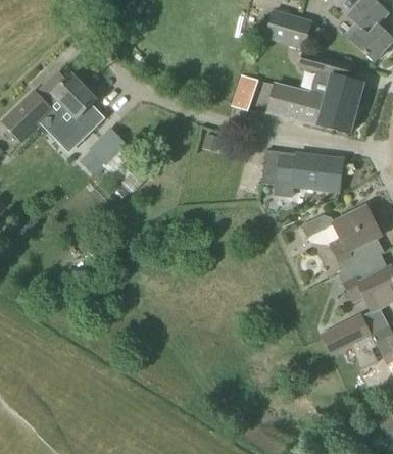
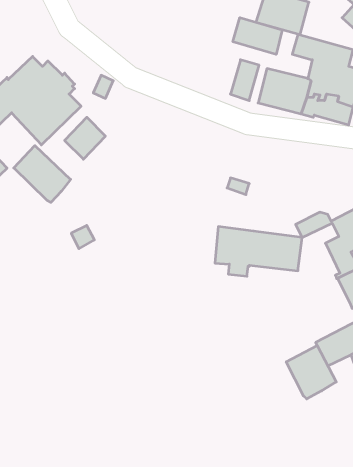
building: none -> [233,18,282,54]
building: [262,150,343,196] -> [215,227,302,276]
building: none -> [14,146,71,202]
building: none -> [286,345,336,399]

